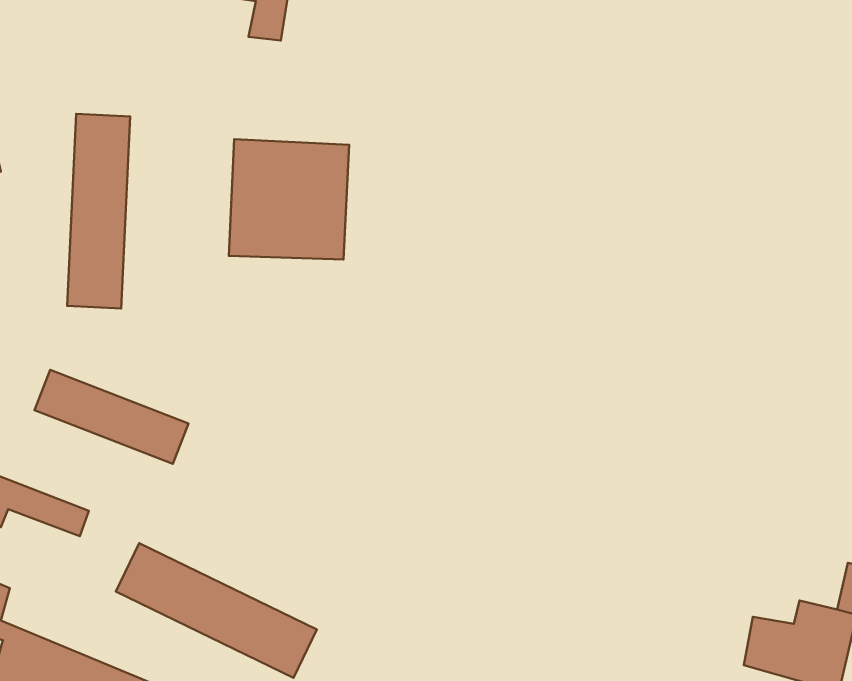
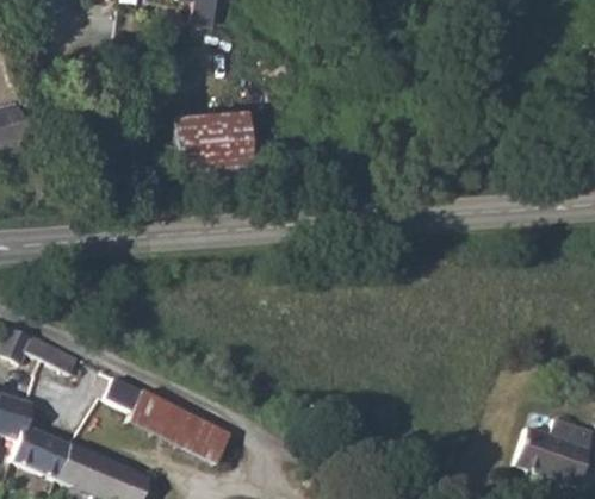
building: [67,114,130,308] -> none
building: [34,370,189,464] -> none

